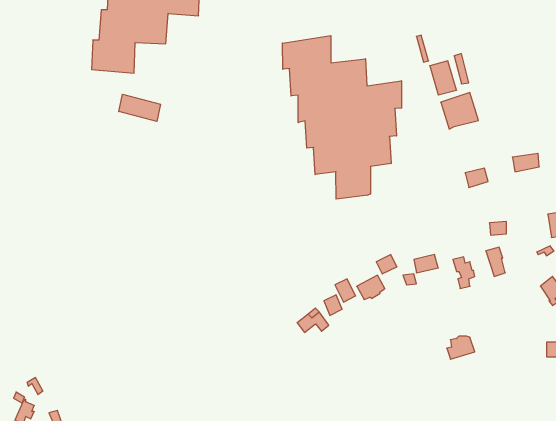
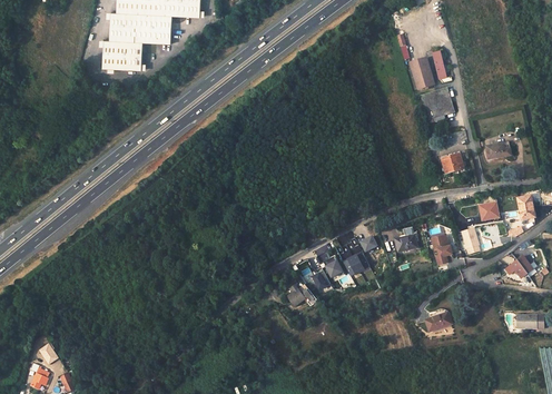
building: [282,36,402,199] -> none
building: [119,94,161,121] -> none

